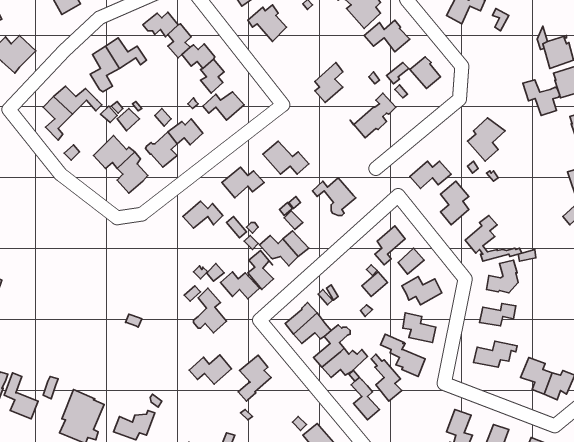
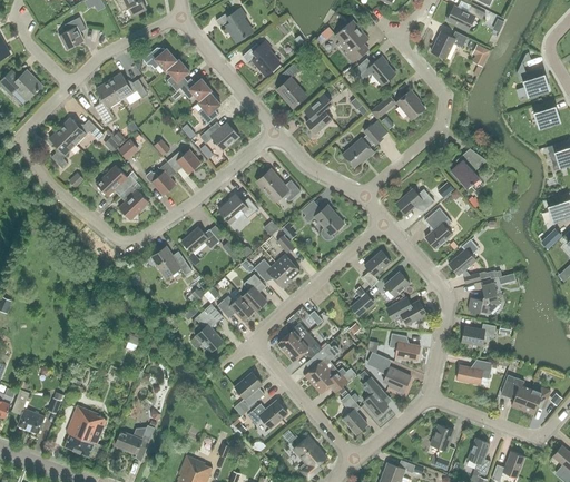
building: none -> [276,63,305,106]
building: [523,80,560,115] -> none
building: none -> [150,246,191,277]
building: [189,355,232,384] -> [246,400,286,427]

